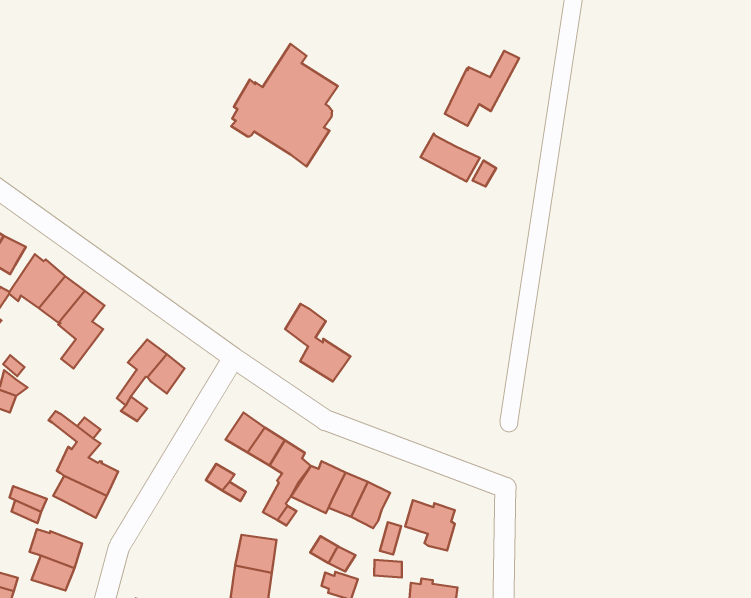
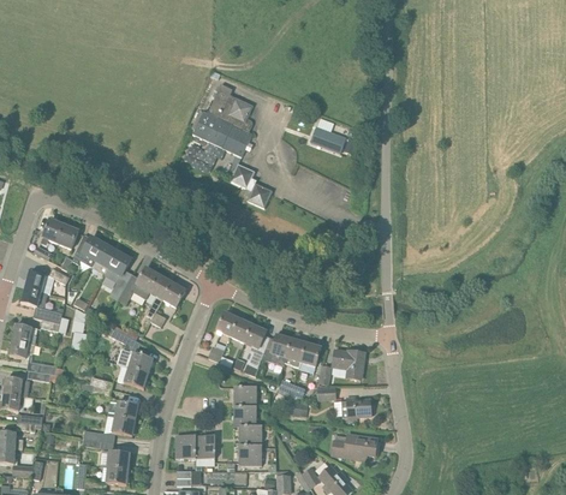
building: [445,51,519,126] -> none
building: [285,304,350,382] -> [231,162,273,207]
building: none -> [118,267,160,304]

